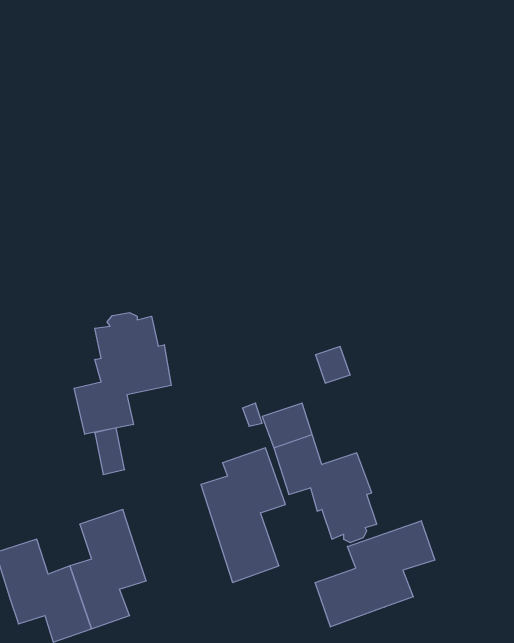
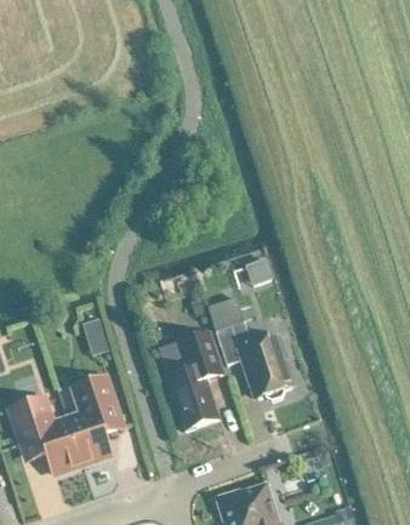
building: [74,313,171,434] -> none
building: [315,521,435,627] -> none

